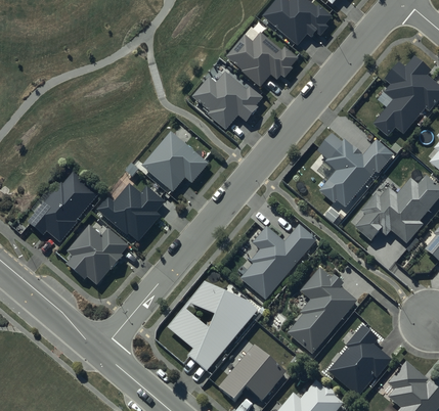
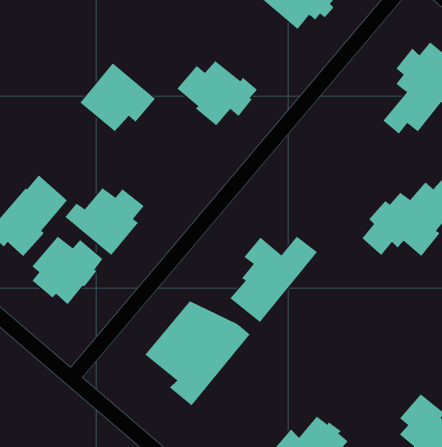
building: [228,31,300,86] -> none
building: [142,129,209,189] -> [79,62,156,132]
building: [316,133,393,207] -> none
building: [288,268,356,354] -> none
building: [328,325,392,395] -> none
building: [217,344,287,401] -> none

